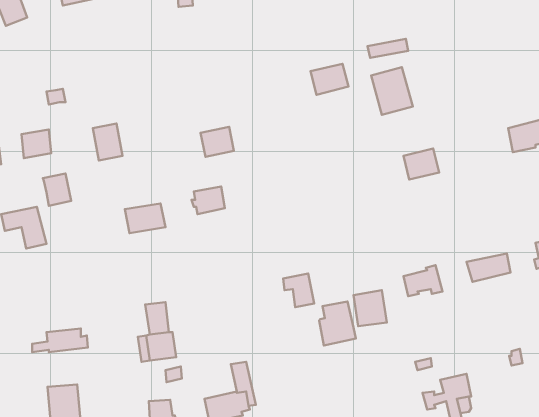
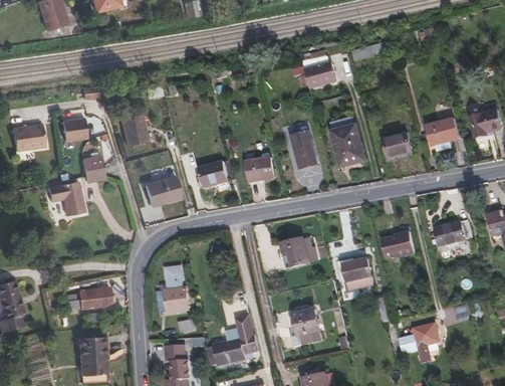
building: [371,67,413,115] -> [330,129,365,169]
building: [201,127,234,157] -> [247,158,275,183]
building: none -> [424,119,457,147]
building: none -> [292,131,319,170]
building: [319,301,356,346] -> [289,311,320,348]

